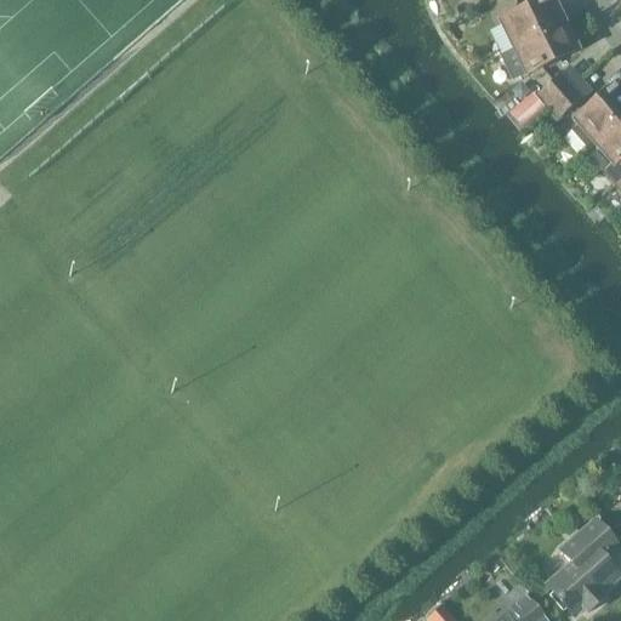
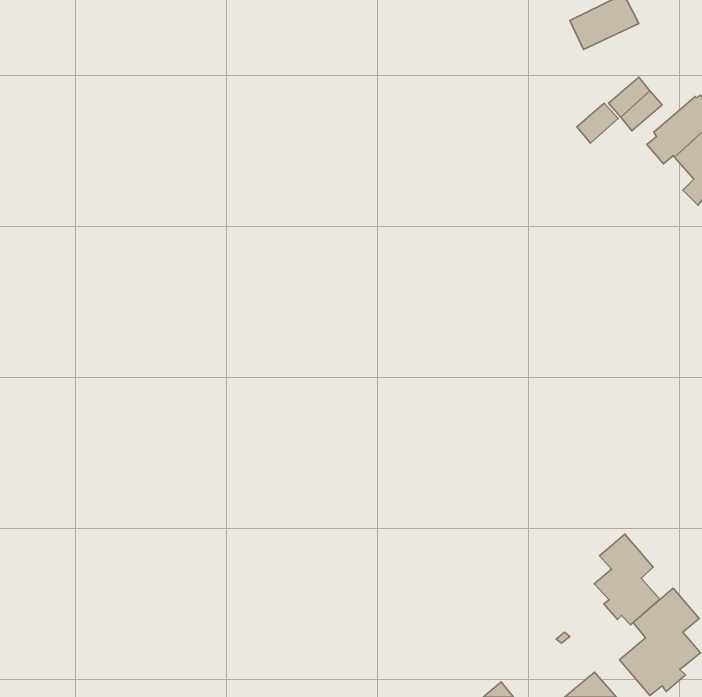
building: [500,21,576,75] -> none
building: none -> [594,534,660,625]

